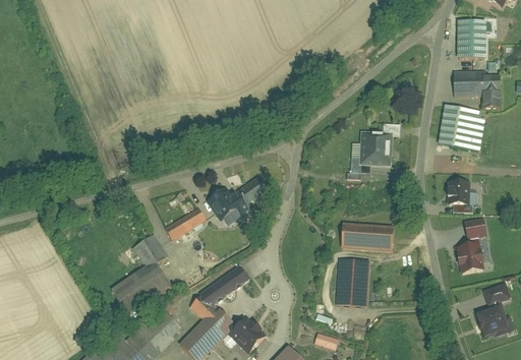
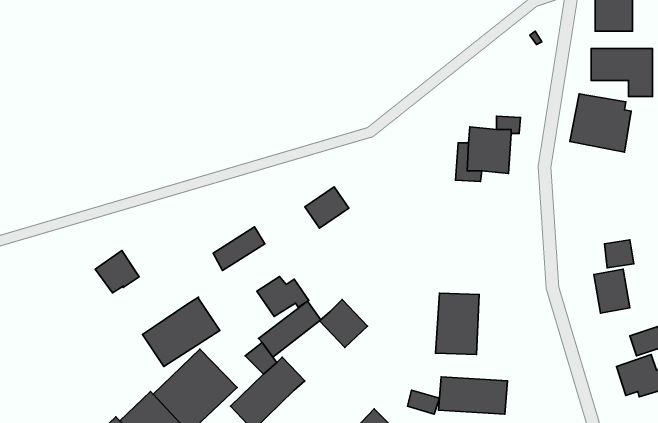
building: [447,178,470,203] -> none
building: [208,189,247,220] -> [257,276,309,316]
building: [341,222,394,250] -> [438,377,508,414]
building: [133,233,167,265] -> [95,250,139,293]
building: [228,315,265,352] -> [320,300,368,348]

